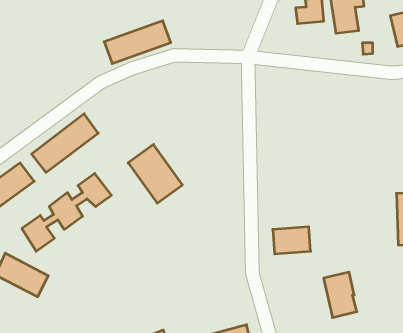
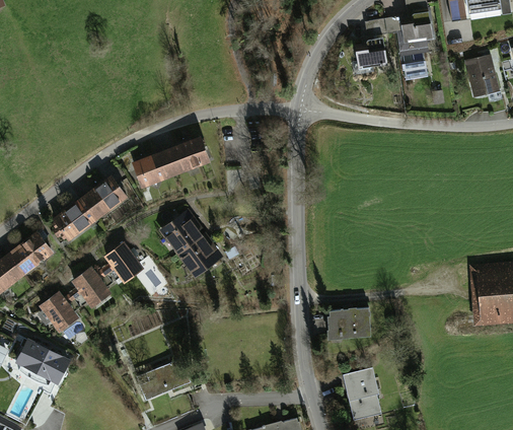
building: [104,21,171,64] -> [132,137,209,187]
building: [324,272,357,318] -> [345,365,383,418]
building: none -> [138,361,190,399]

